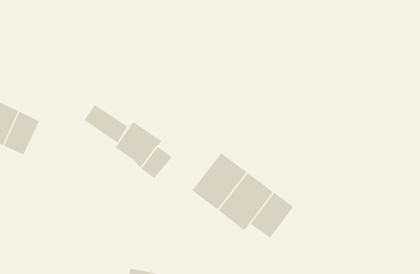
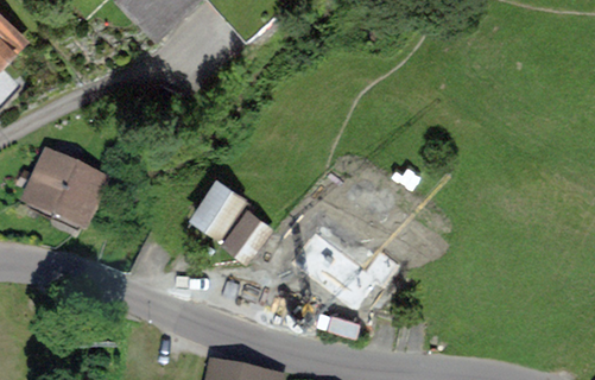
building: [84,104,128,143] -> none
building: [250,192,294,239] -> none

